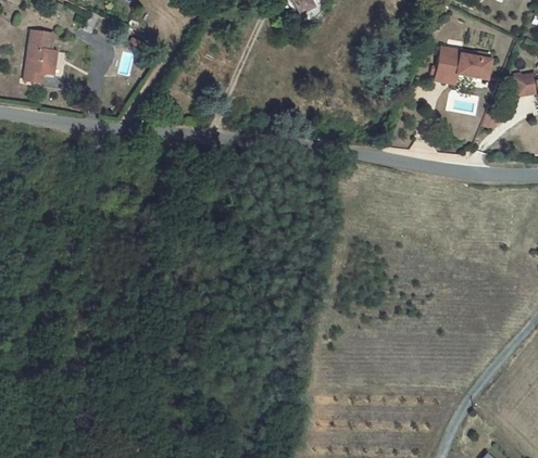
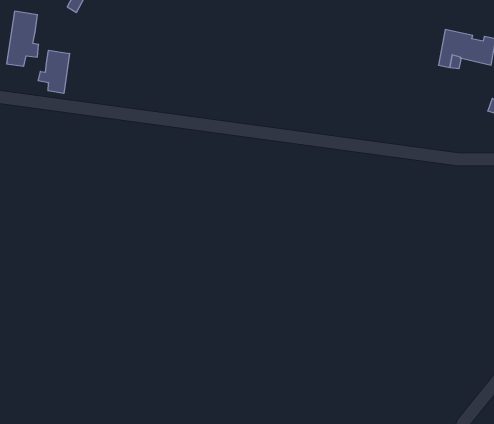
building: none -> [38,50,70,93]

